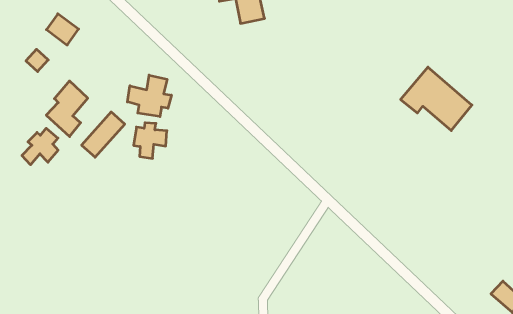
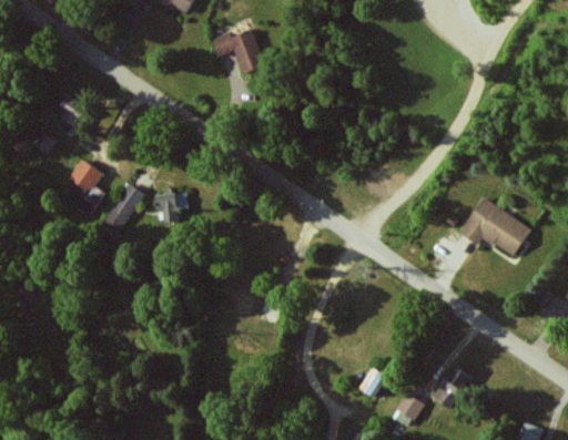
building: [401,67,472,131] -> [459,197,531,257]
building: [127,75,171,117] -> none
building: [22,128,58,165] -> none

